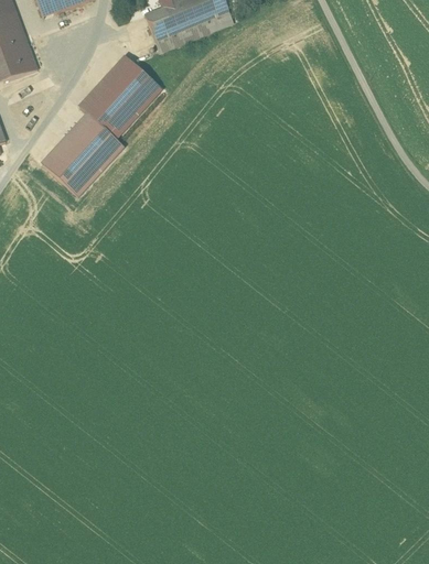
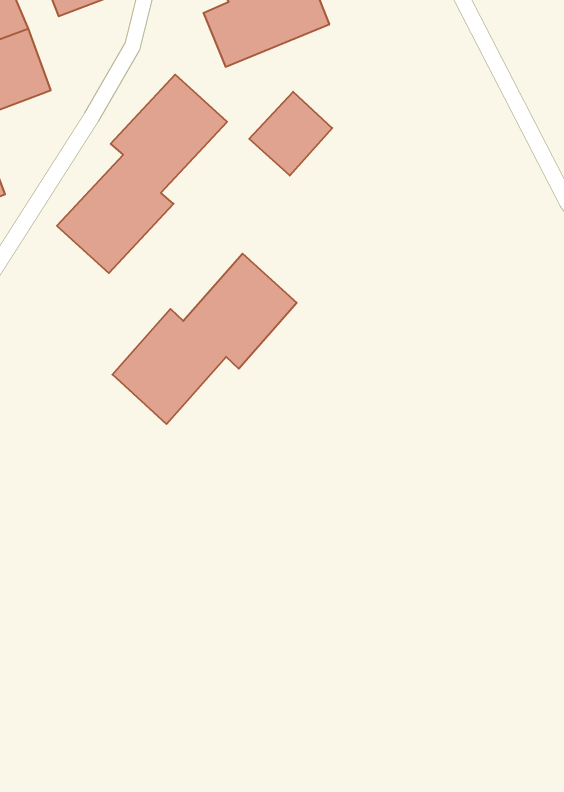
building: none -> [249,92,332,176]
building: none -> [112,254,297,424]

